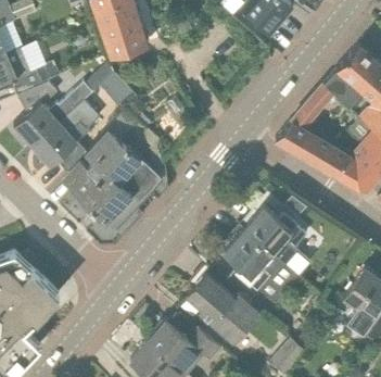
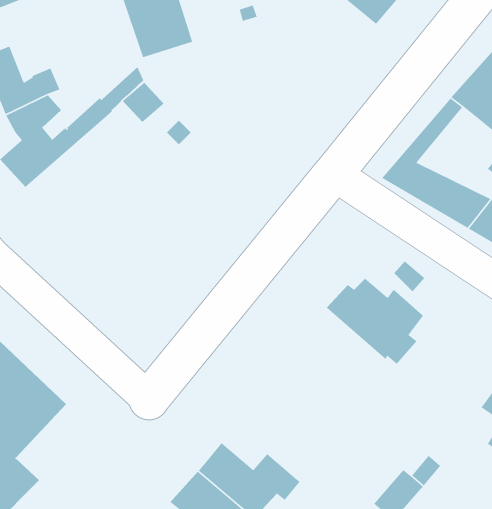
building: [30,100,99,166] -> none
building: [63,130,160,229] -> none
building: [224,228,278,286] -> none
building: [186,274,258,343] -> none

